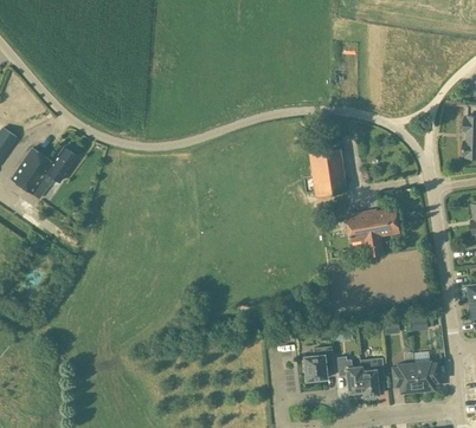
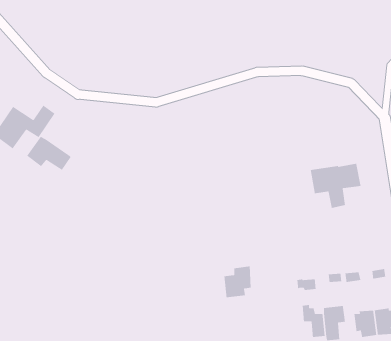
building: [309,148,348,196] -> none
building: none -> [26,136,71,171]
building: [303,346,333,381] -> [224,266,252,298]

